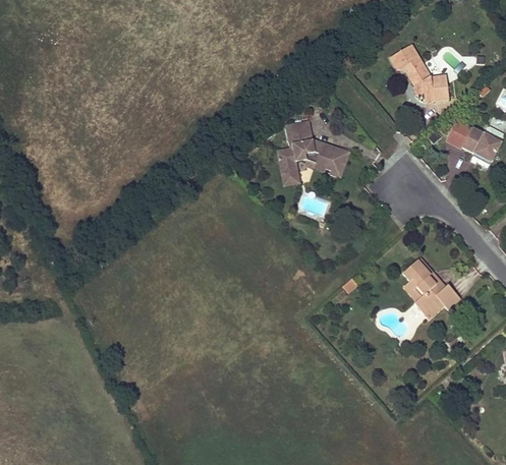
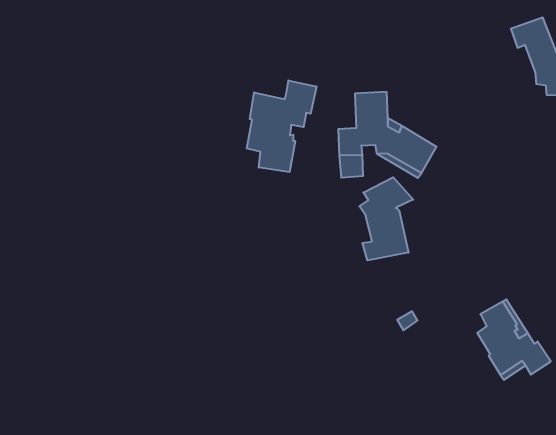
building: none -> [247,80,317,172]
building: none -> [359,177,413,260]

